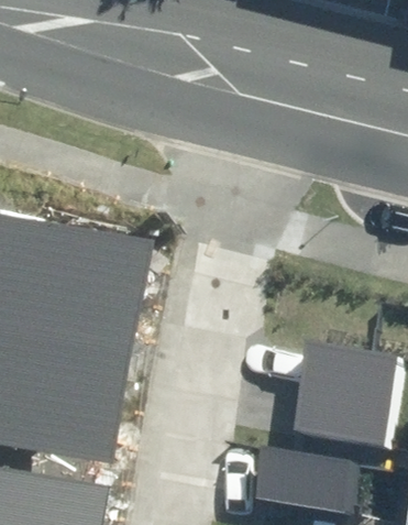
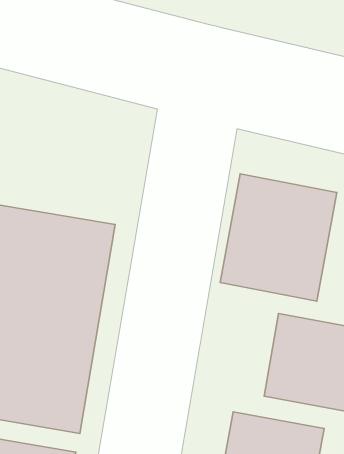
building: none -> [220,174,337,301]

